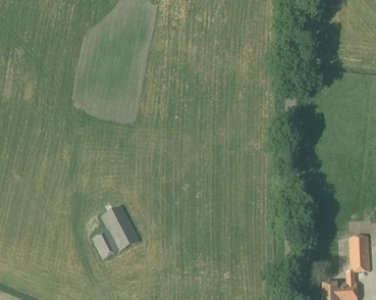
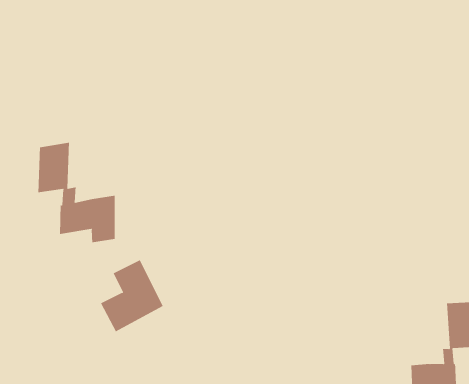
building: none -> [38,142,115,243]

